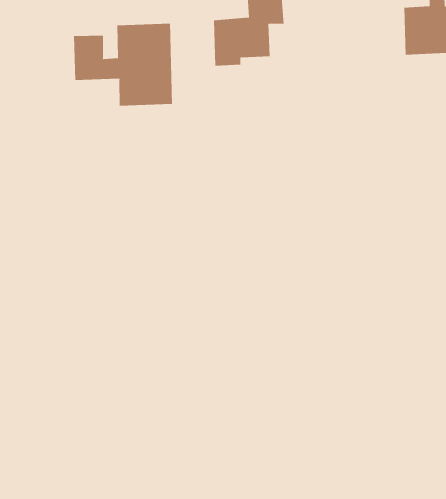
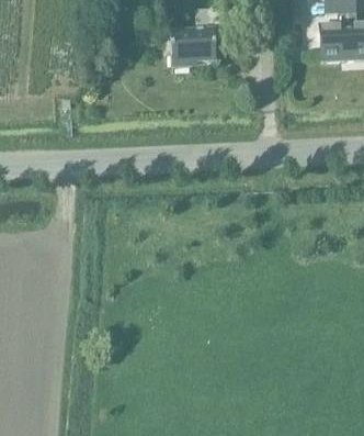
building: [73,23,173,107] -> none

